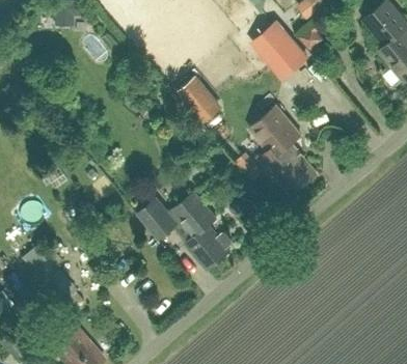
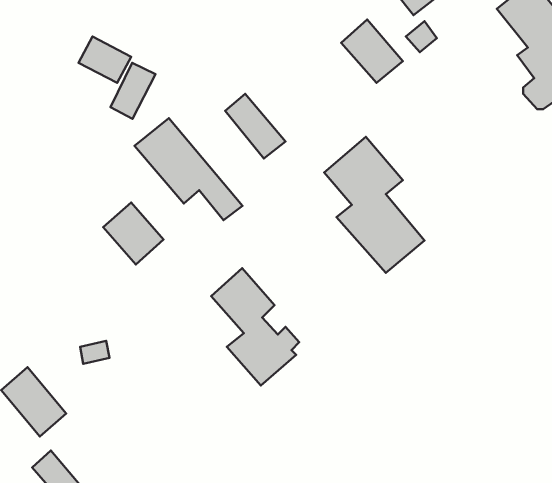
building: none -> [110,63,156,119]
building: none -> [135,118,242,220]
building: [136,198,177,240] -> [103,203,163,264]

